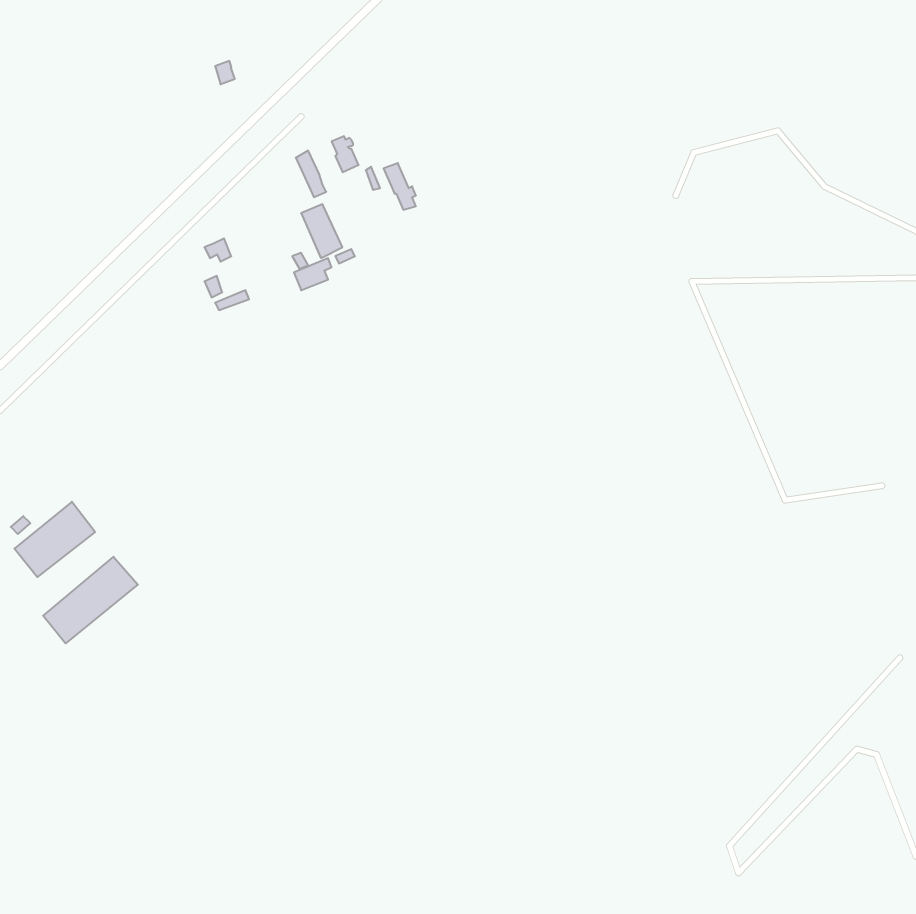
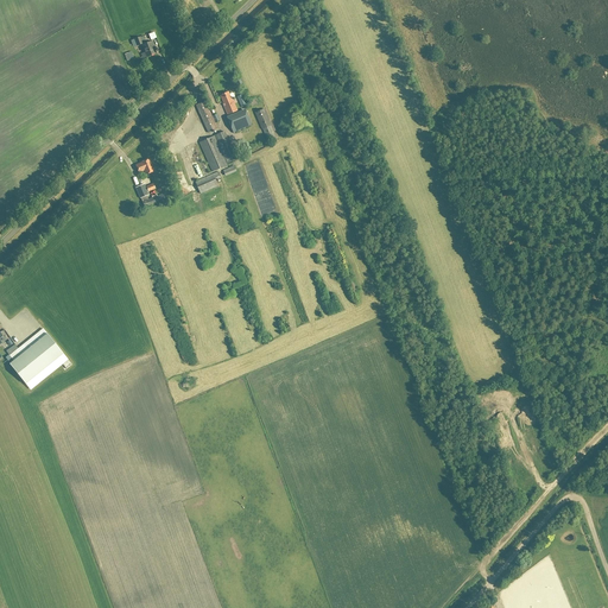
building: [43,557,138,643] -> none

